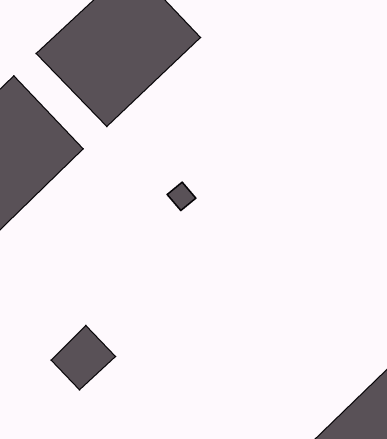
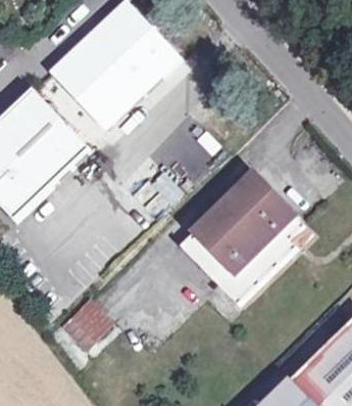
building: none -> [181,172,303,302]

